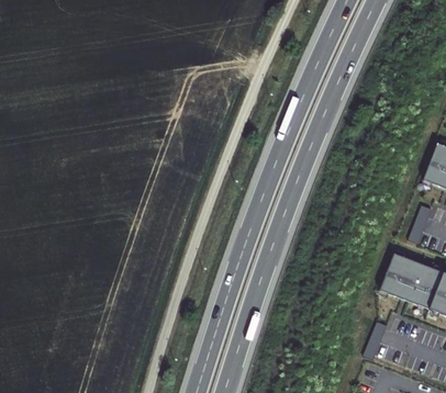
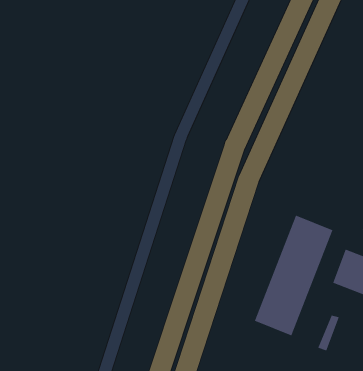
building: none -> [254,214,333,337]

